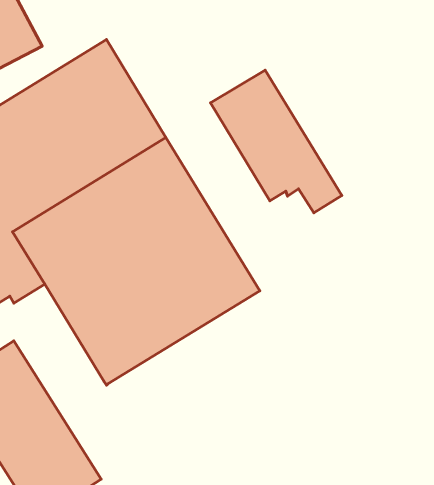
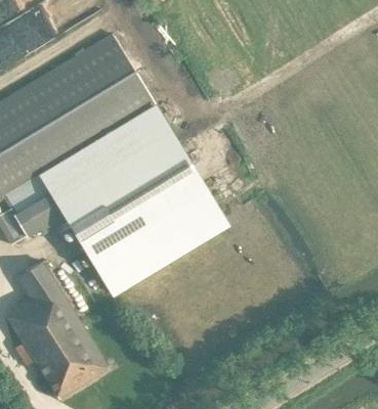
building: [210,70,342,213] -> none

